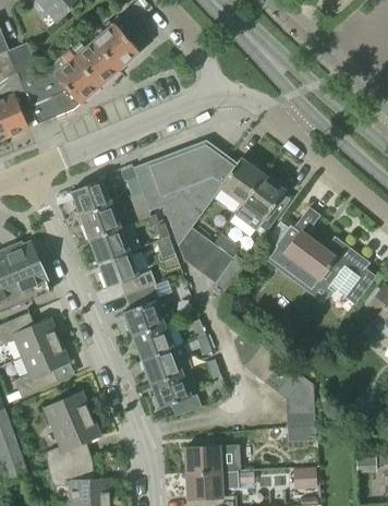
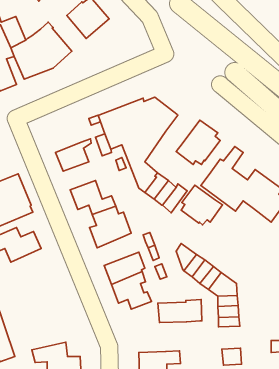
building: [74,39,118,85] -> none
building: [220,157,263,203] -> none
building: [70,176,118,215] -> none
building: [88,222,140,263] -> none
building: none -> [181,185,222,225]
building: [132,323,185,360] -> none
building: [13,338,70,396] -> none
building: [41,389,101,468] -> none
building: [183,442,240,471] -> [158,300,202,323]

